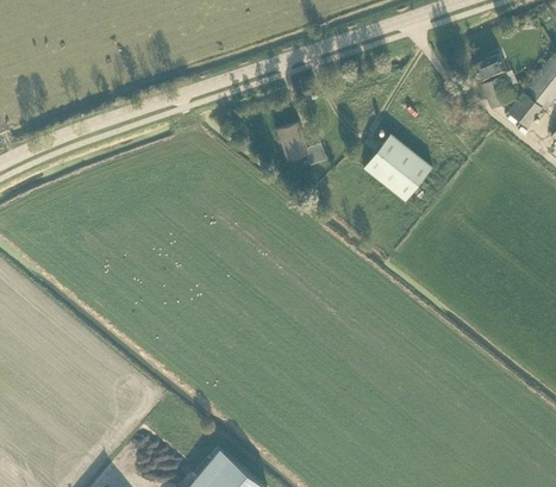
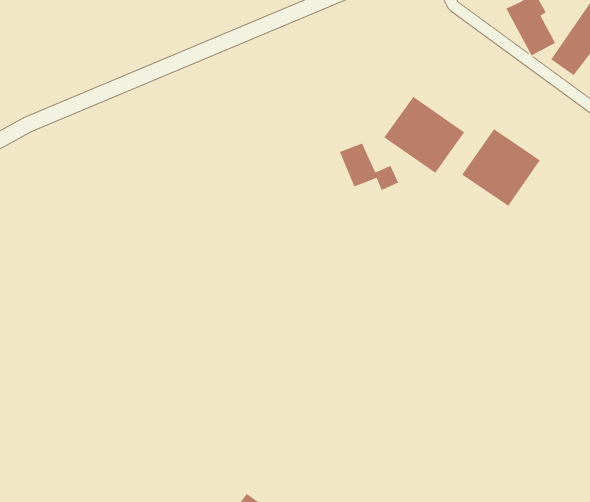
building: [276,123,325,164] -> [339,143,399,191]
building: none -> [461,128,541,207]

